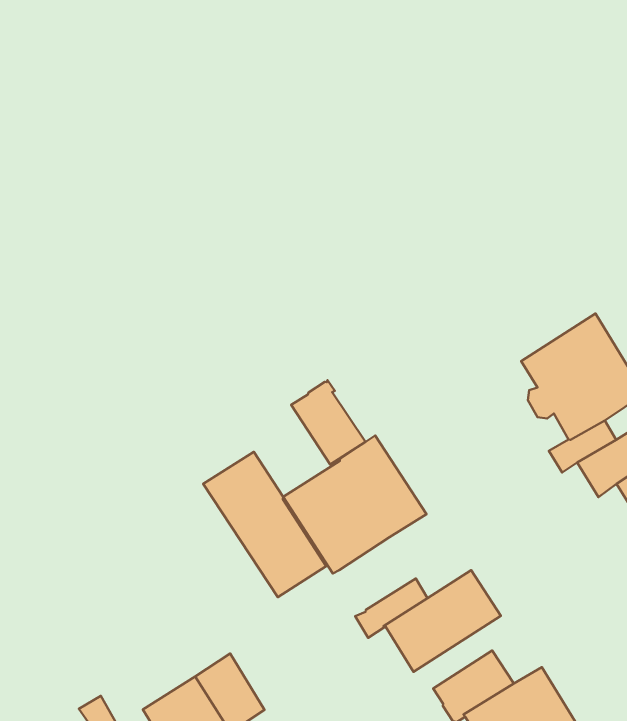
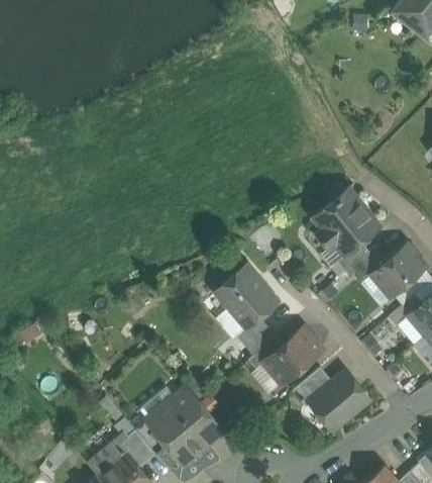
building: [291,380,366,465] -> none
building: [203,452,326,597] -> none
building: none -> [237,316,277,355]

